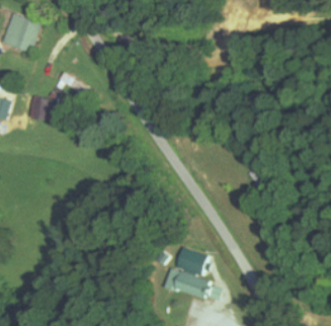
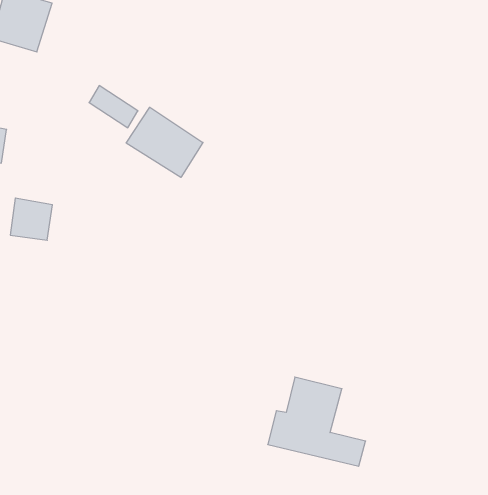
building: none -> [126,107,203,177]
building: [29,95,55,120] -> [10,198,52,240]

